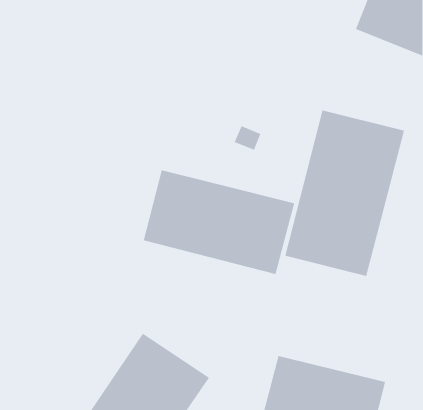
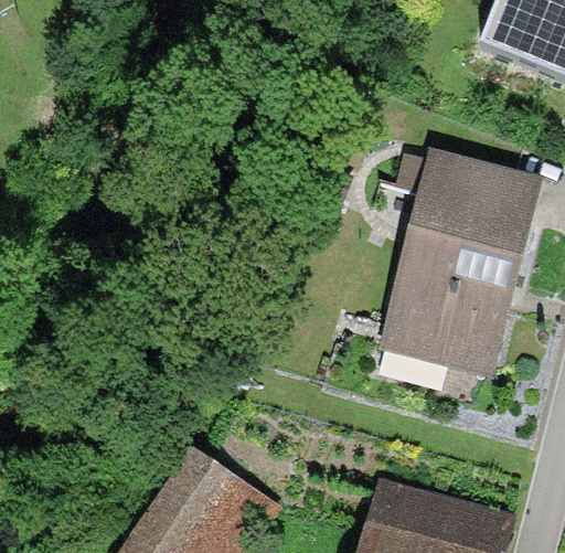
building: [143,170,295,275] -> none

